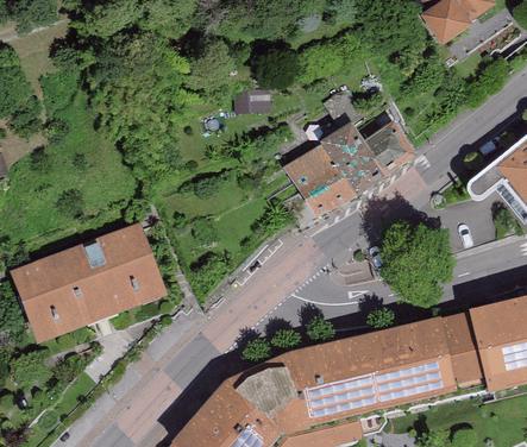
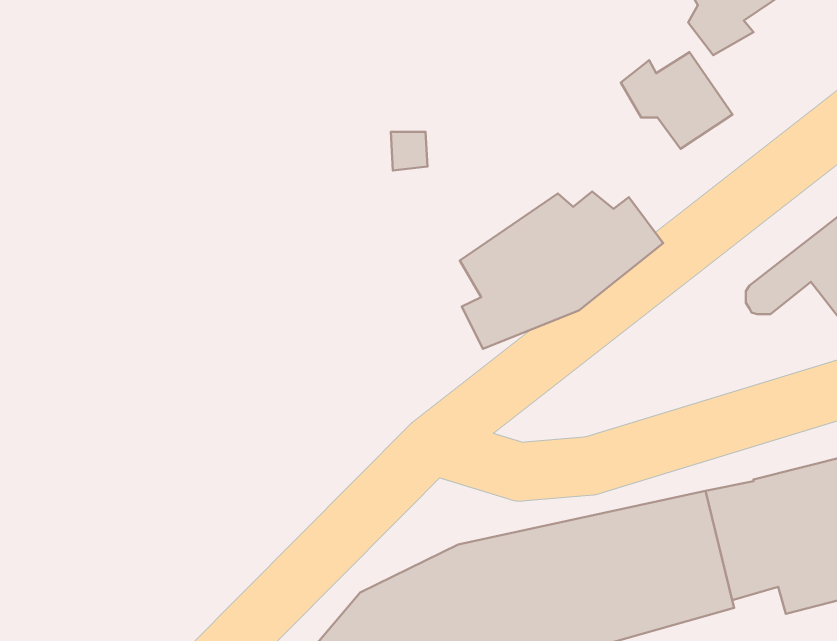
building: none -> [621,52,733,149]
building: [12,231,158,333] -> none

